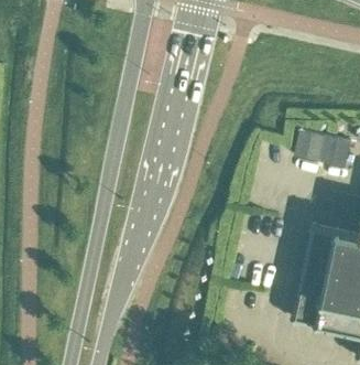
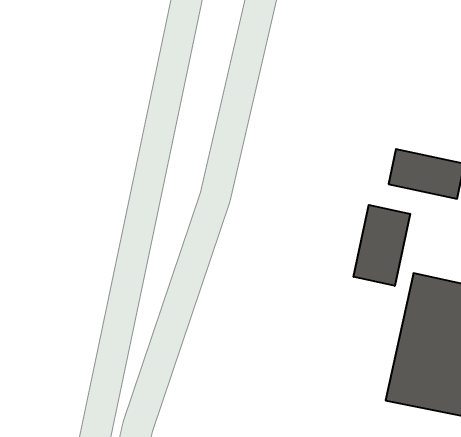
building: none -> [354,205,410,286]

